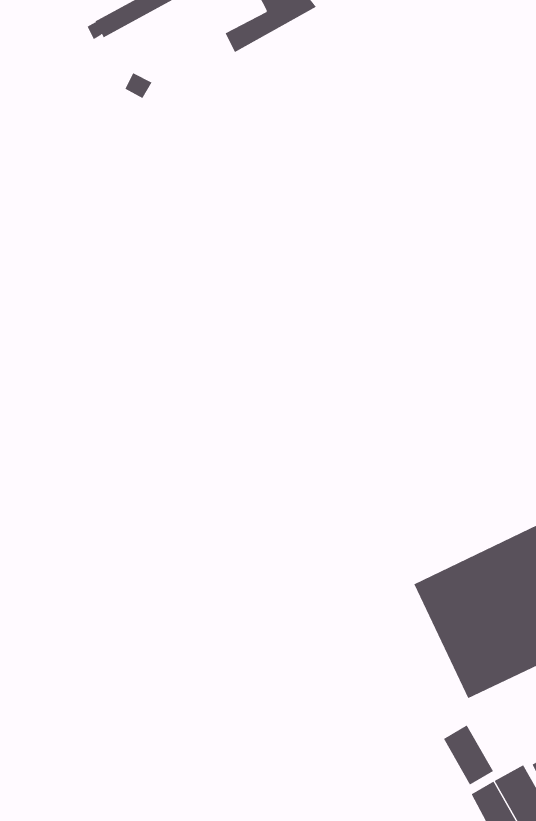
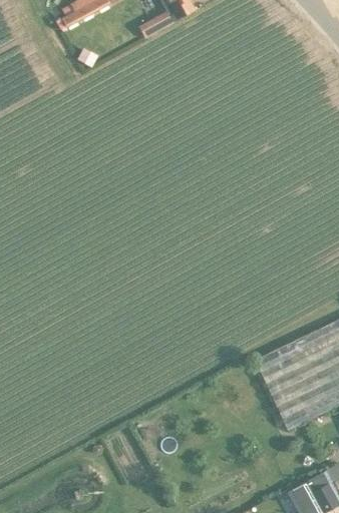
building: [443,725,494,785] -> none

